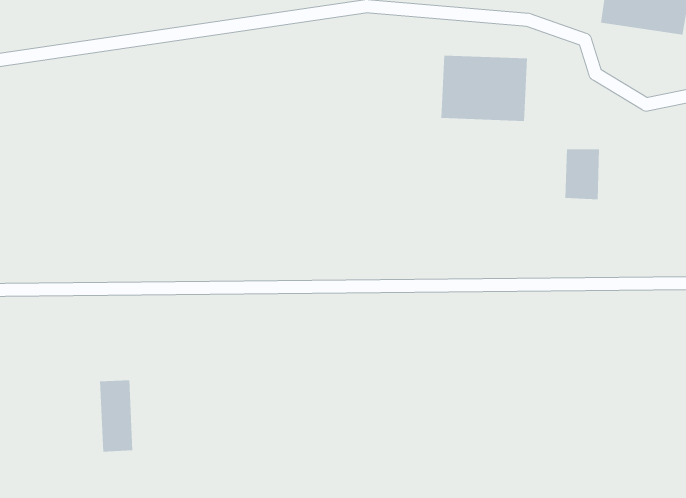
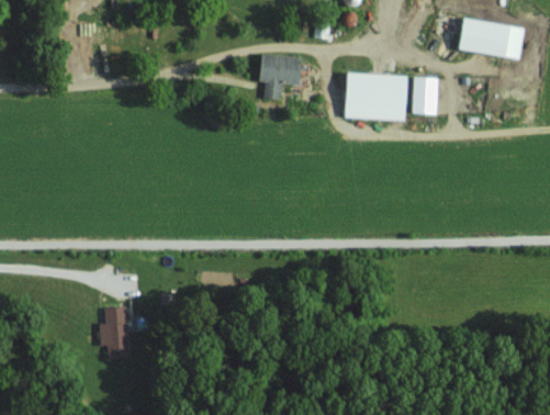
building: none -> [260,55,301,99]
building: [565,149,600,200] -> [413,78,438,114]

